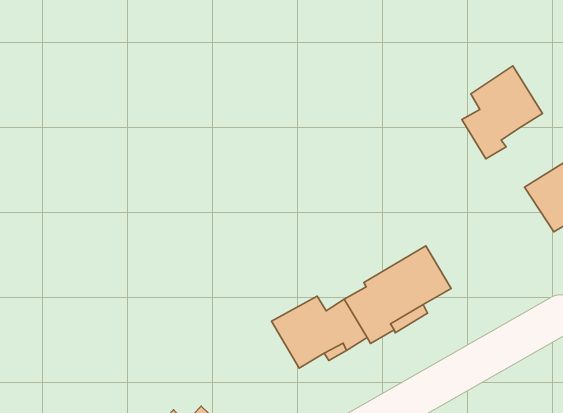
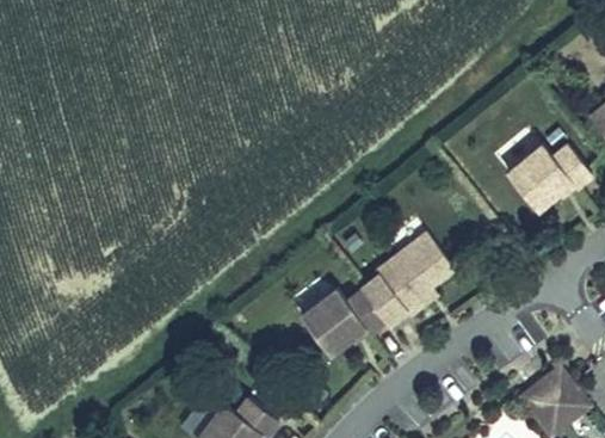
building: [462,66,543,159] -> none

